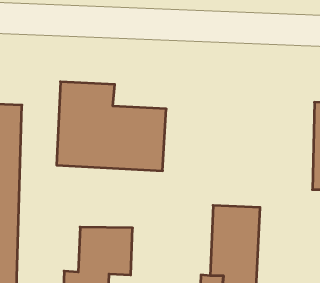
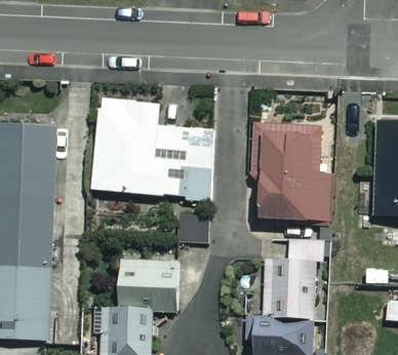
building: none -> [248,121,331,222]

